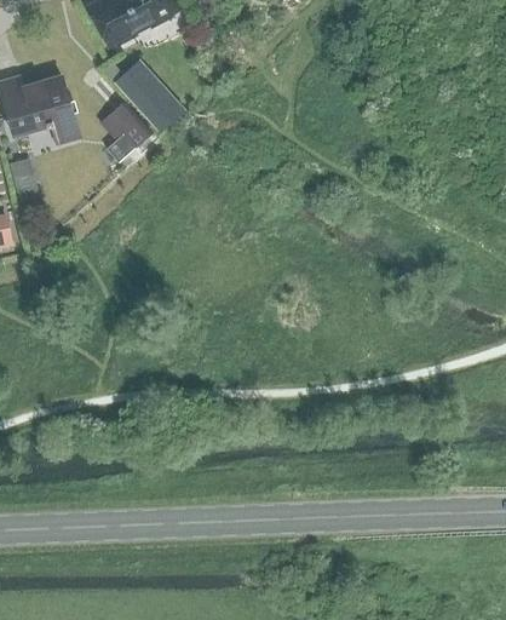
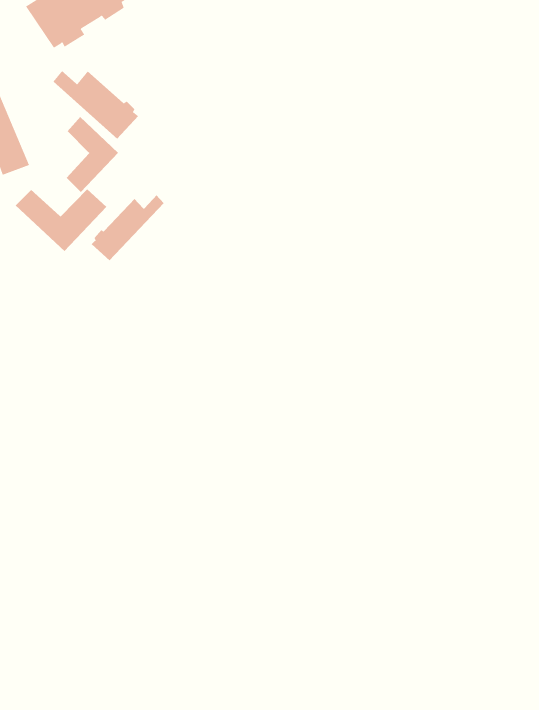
building: none -> [15,188,107,252]
building: none -> [91,195,164,261]

